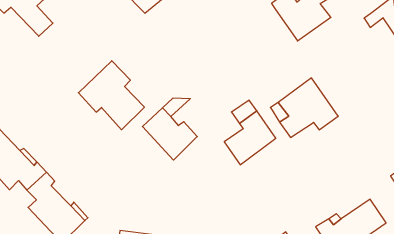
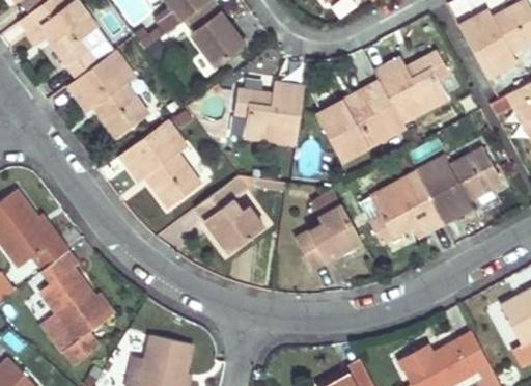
building: none -> [316,80,404,161]
building: none -> [67,51,148,138]
building: none -> [234,83,304,145]
building: none -> [415,148,502,223]

